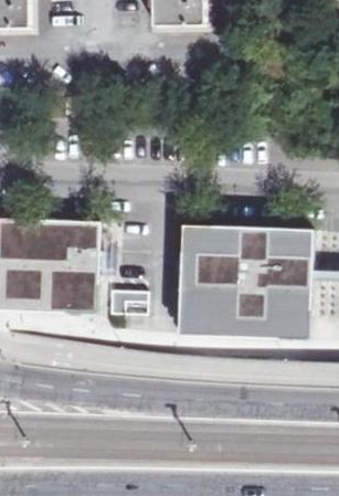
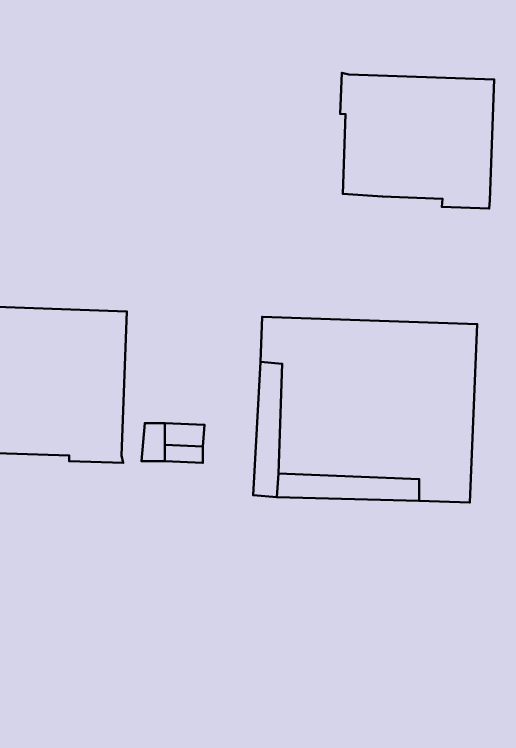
building: none -> [340,73,494,208]

